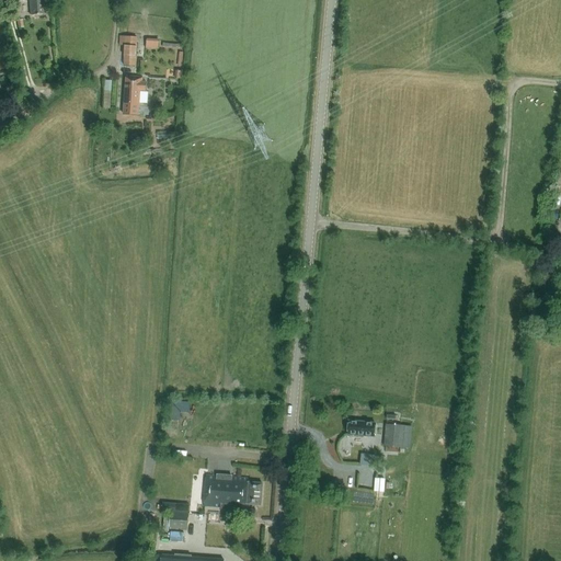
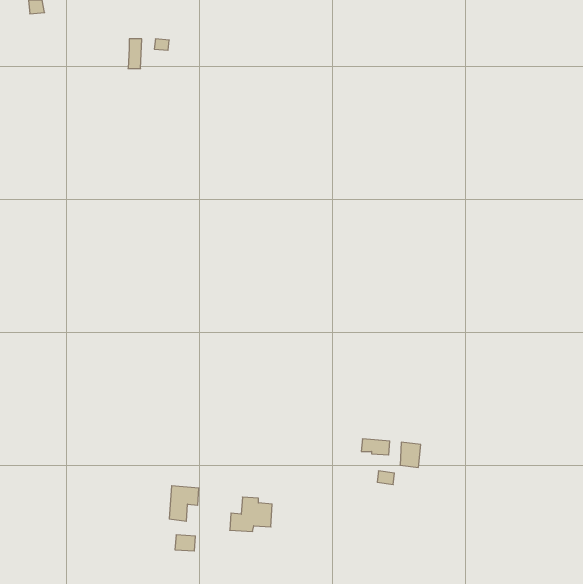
building: [122,77,145,116] -> none
building: [204,474,232,508] -> [169,486,199,521]

